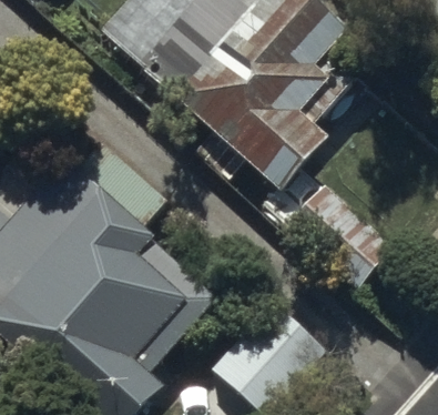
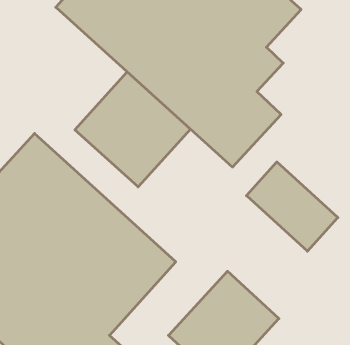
building: none -> [75,72,190,187]

